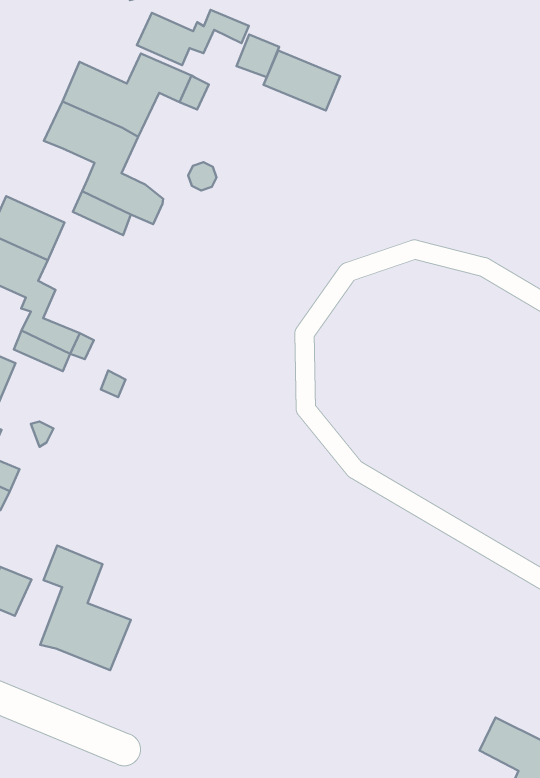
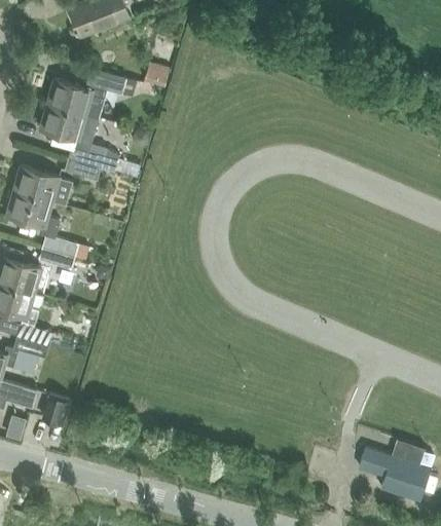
building: [137,10,249,65] -> none
building: [264,50,340,111] -> none
building: [40,546,131,670] -> none

